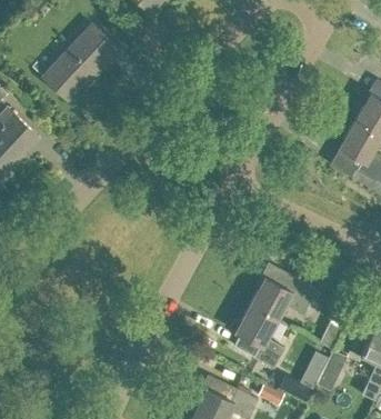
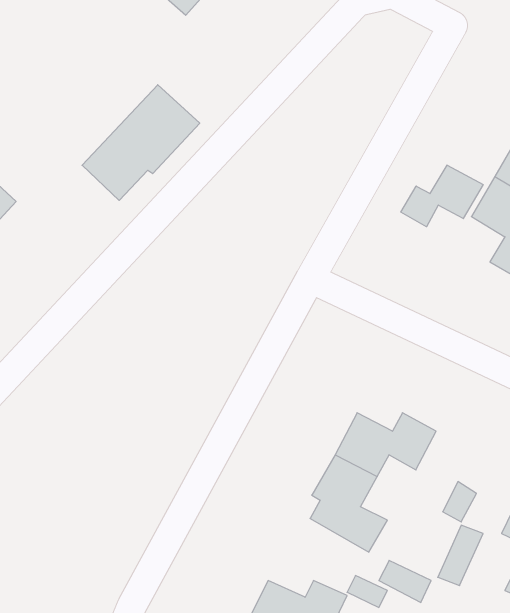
building: [42,24,120,101] -> [82,85,200,200]
building: none -> [401,165,483,227]

